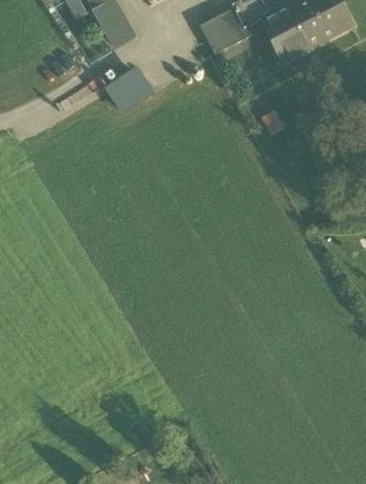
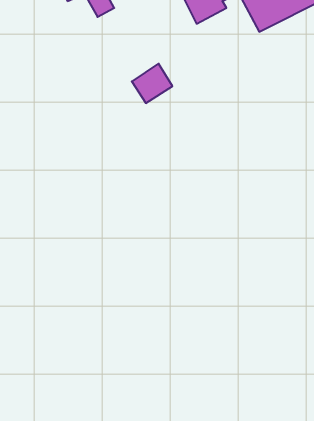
building: [108,69,150,110] -> [132,64,172,103]

